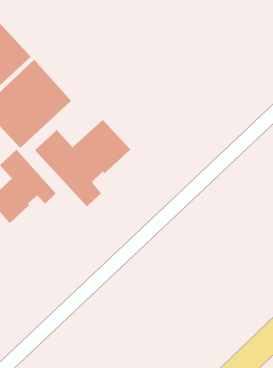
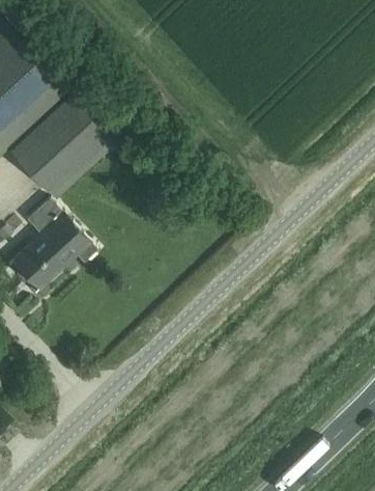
building: [34,119,131,207] -> none

